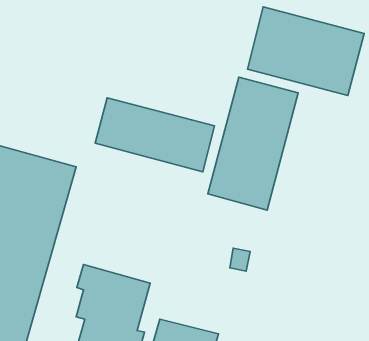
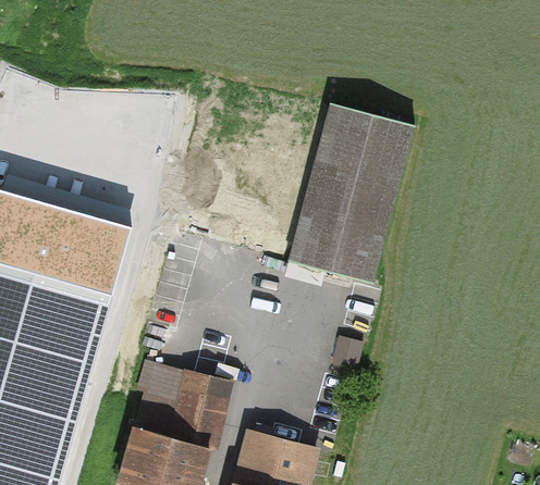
building: [247,7,364,96] -> none
building: [95,98,214,172] -> none

